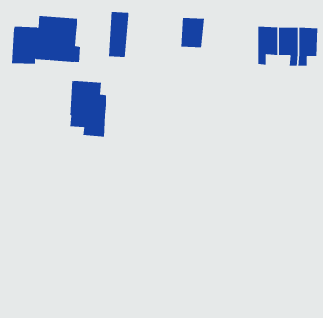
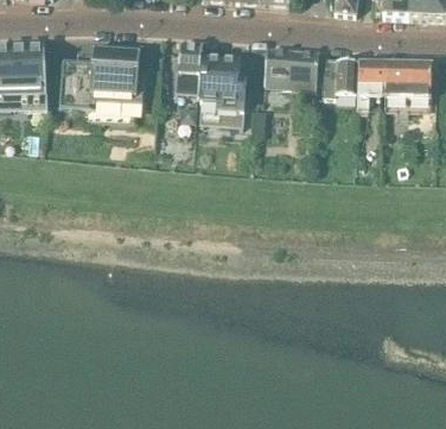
building: none -> [291,49,319,107]
building: none -> [324,57,358,97]
building: [70,81,107,137] -> [200,56,246,125]

